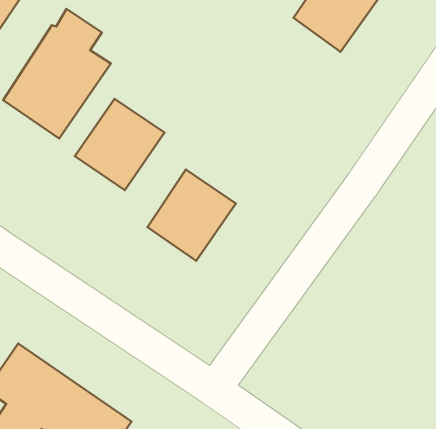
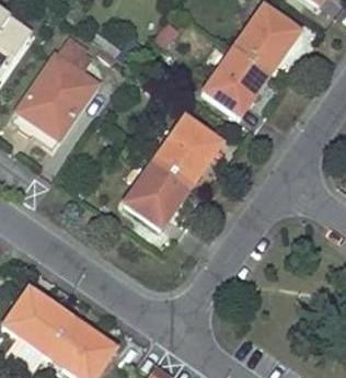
building: none -> [204,47,269,115]
building: [75,99,165,190] -> [154,117,221,185]

